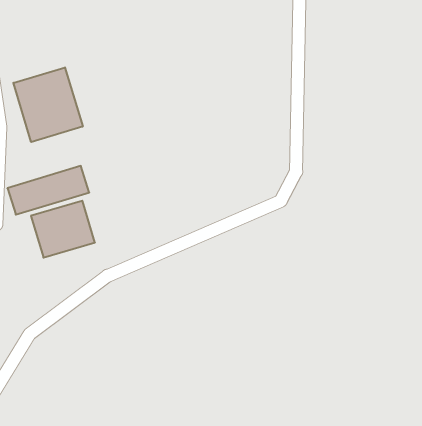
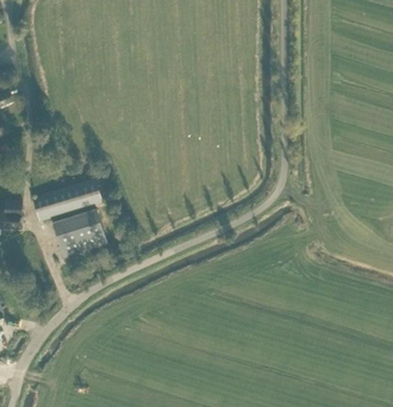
building: [13,67,83,142] -> none

